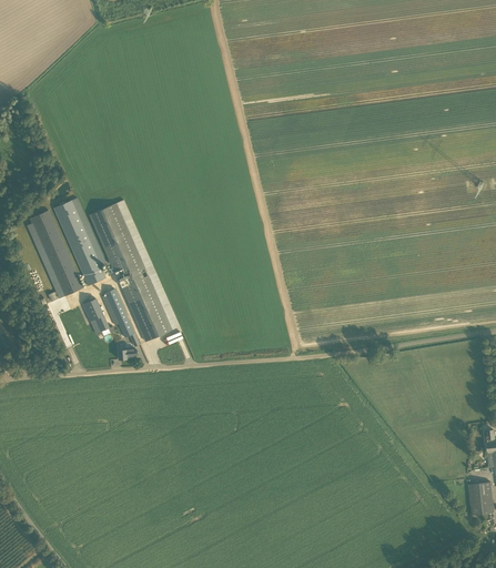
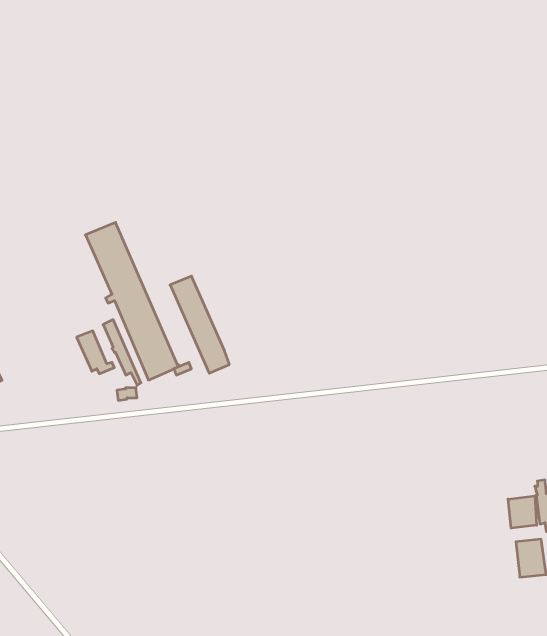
building: [52,200,104,285] -> [170,276,229,373]
building: [29,210,82,296] -> none
building: none -> [508,496,537,528]

